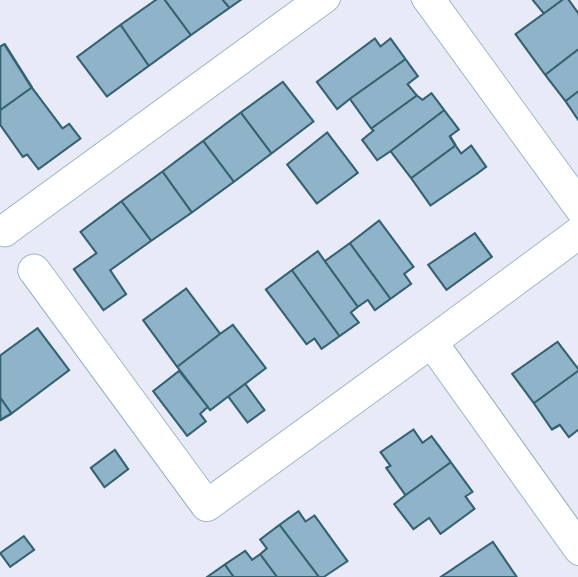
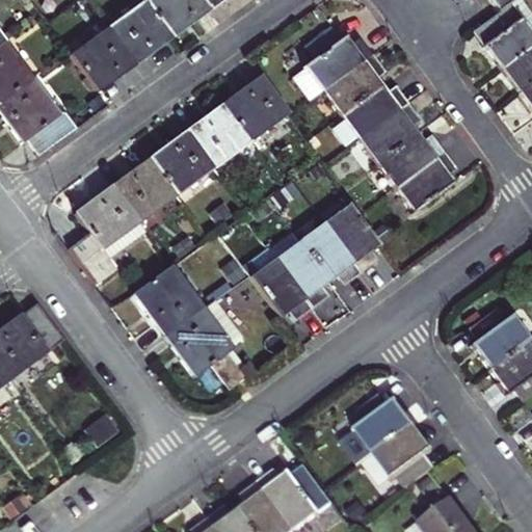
building: [287,132,358,204] -> none
building: [428,233,492,290] -> [396,159,454,211]
building: [153,371,208,436] -> none

